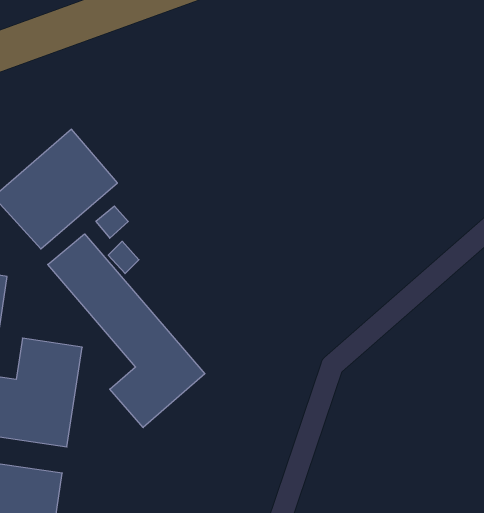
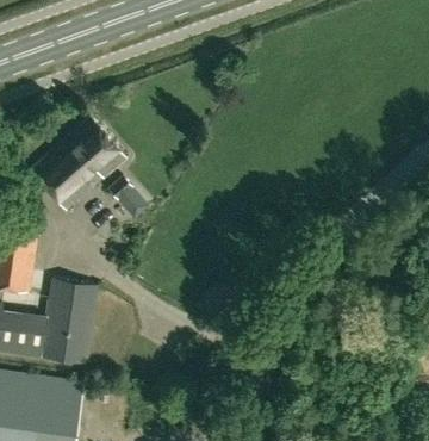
building: [48,234,205,428] -> none

